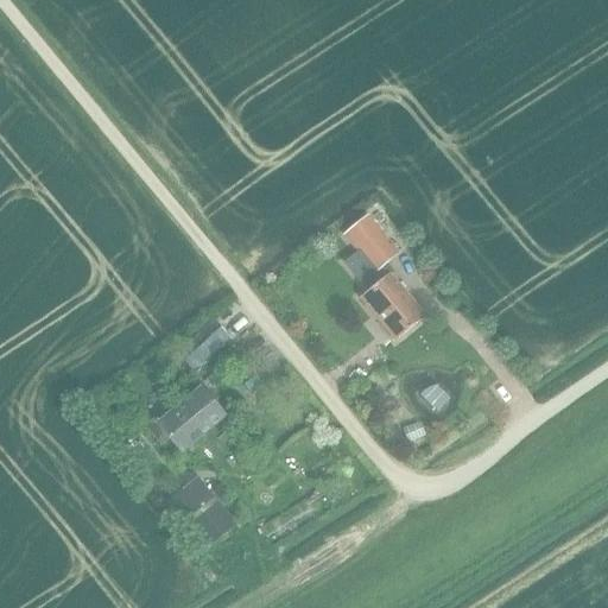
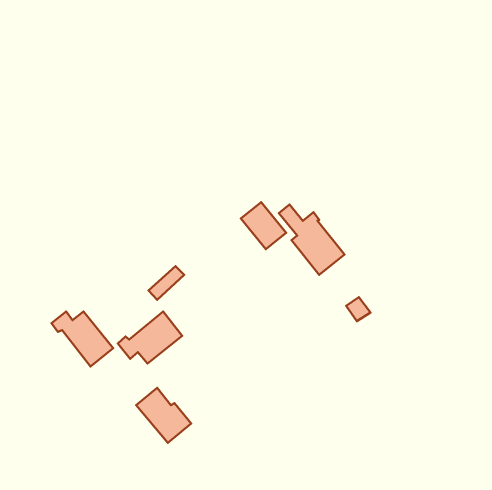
building: [343,214,399,272] -> [241,202,286,249]
building: none -> [51,312,113,366]

